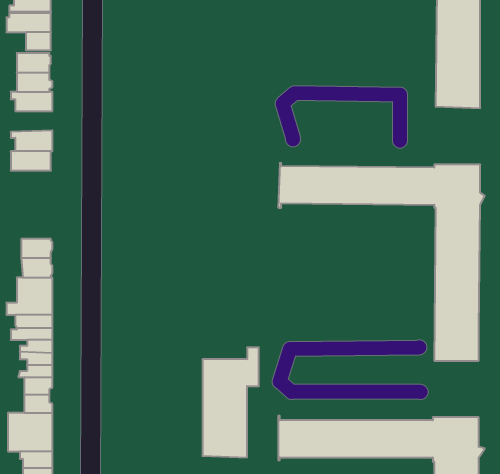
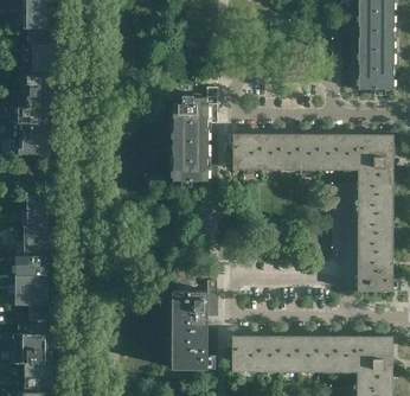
building: none -> [172,87,217,180]
building: none -> [18,92,51,109]
building: none -> [18,140,50,157]

